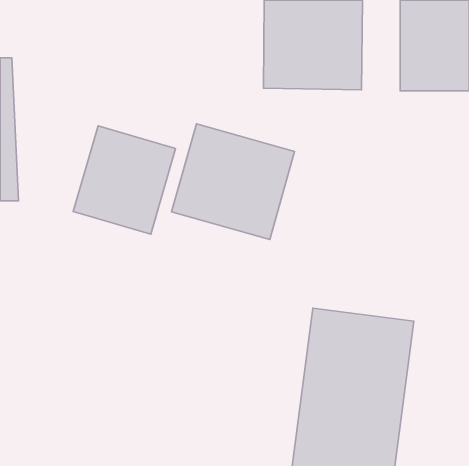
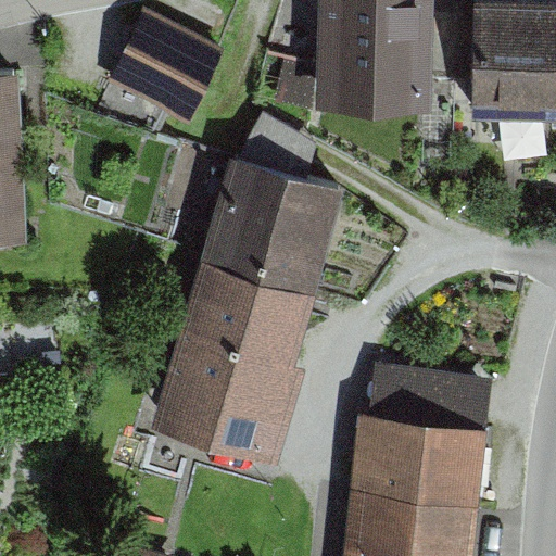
building: none -> [106,12,219,123]
building: [73,126,175,234] -> none
building: none -> [154,254,319,459]

